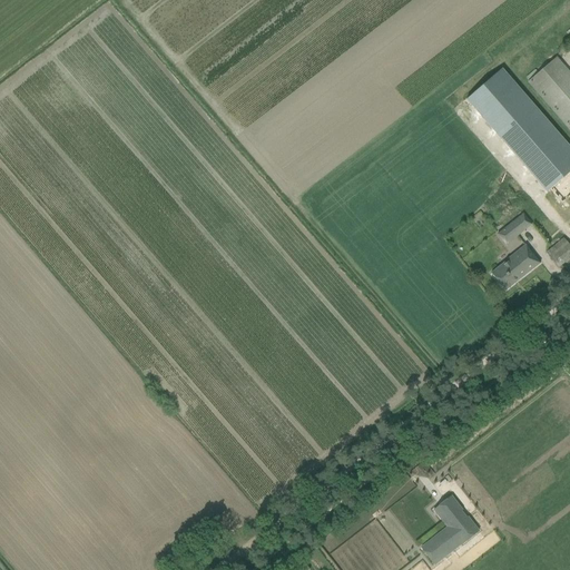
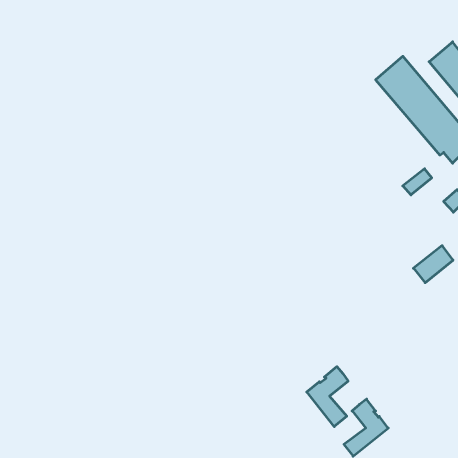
building: [495,239,544,285] -> [413,246,453,283]
building: none -> [307,367,348,427]

